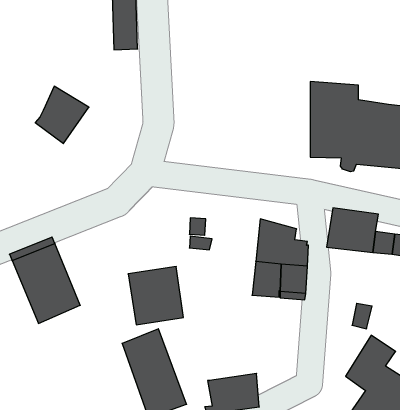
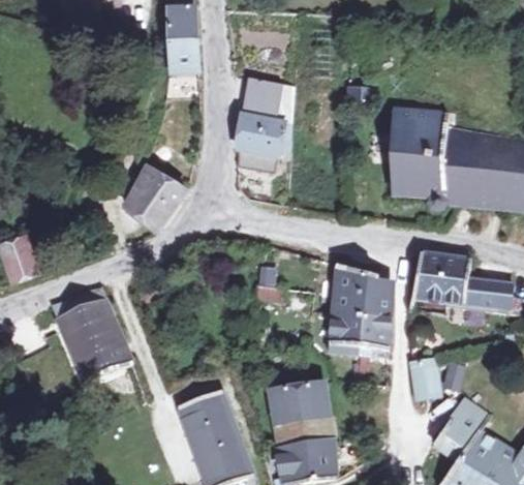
building: none -> [238,78,295,173]
building: [35,86,89,144] -> [126,165,187,231]
building: [128,267,183,325] -> [270,383,333,449]
building: none -> [410,359,439,398]

